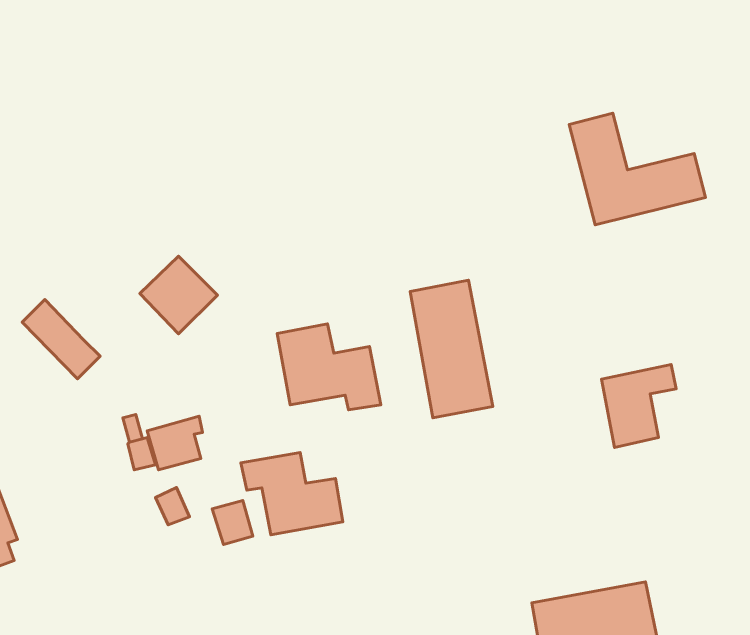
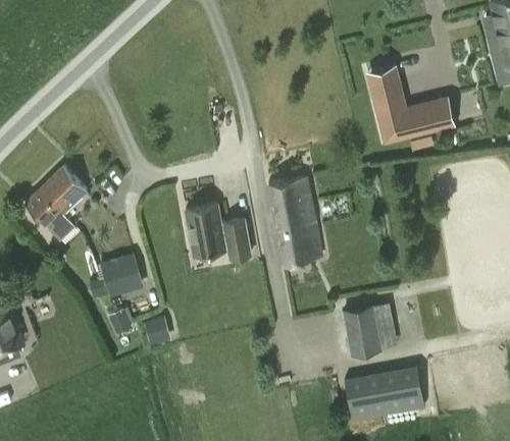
building: [140,256,218,334] -> [40,166,89,215]
building: [602,365,676,447] -> [345,302,392,354]
building: [241,453,343,535] -> none

